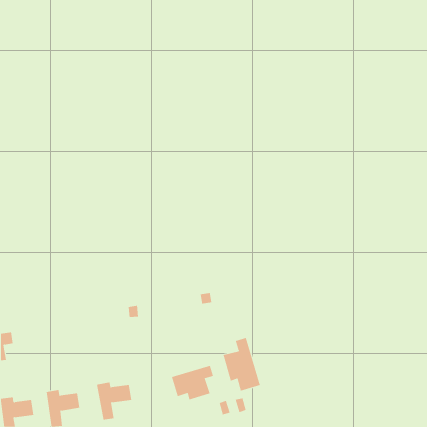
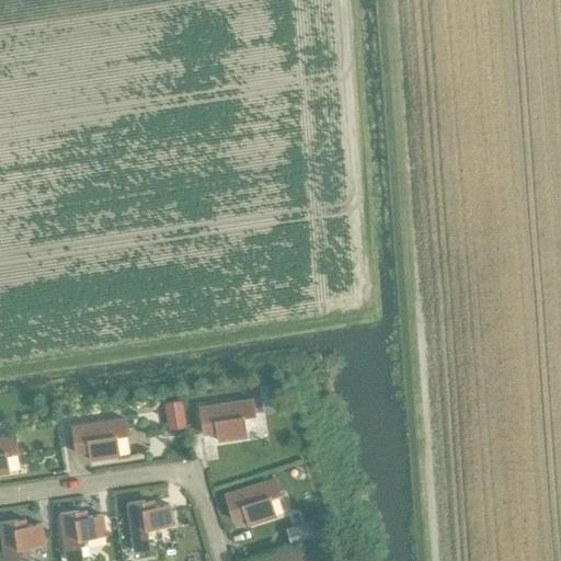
building: none -> [199,399,255,440]
building: none -> [72,419,128,460]
building: [223,337,260,392] -> none

